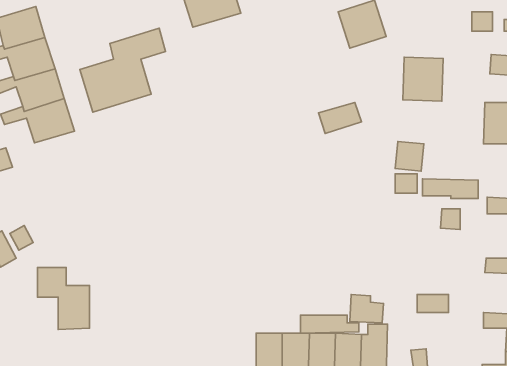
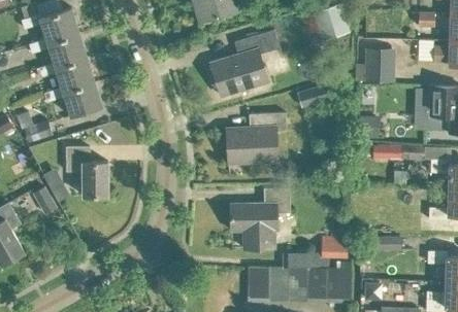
building: [80,28,166,112] -> [210,30,279,97]
building: none -> [226,113,286,163]
building: none -> [230,188,290,249]
building: [38,267,89,330] -> [66,147,107,197]

